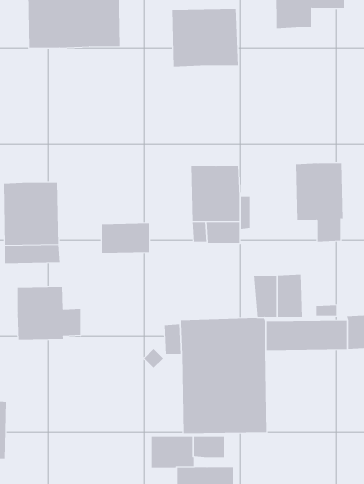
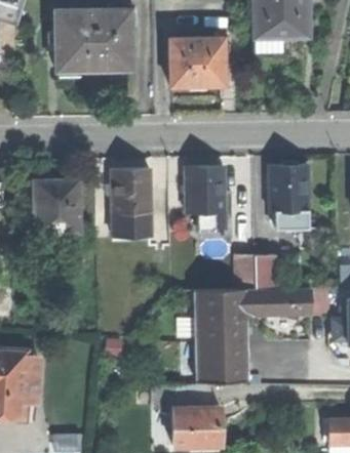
building: none -> [106,167,152,213]
building: [17,286,81,340] -> none

